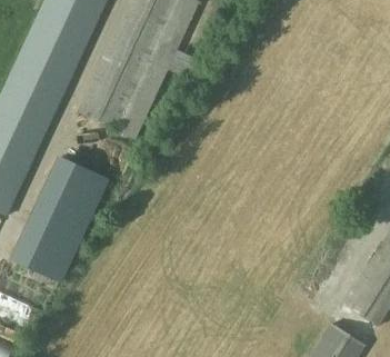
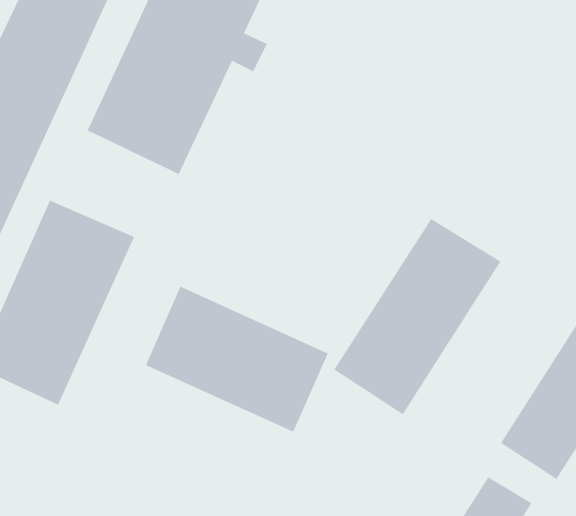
building: none -> [334,218,501,415]
building: none -> [145,286,329,433]

